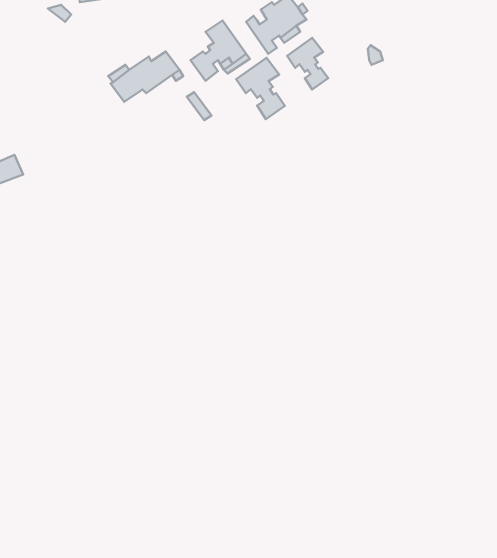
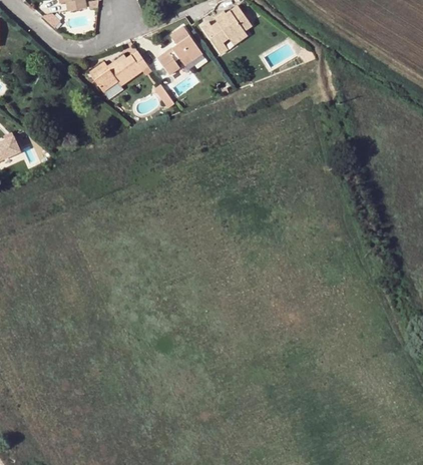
building: [287,38,328,90] -> none
building: [236,58,285,119] -> none

